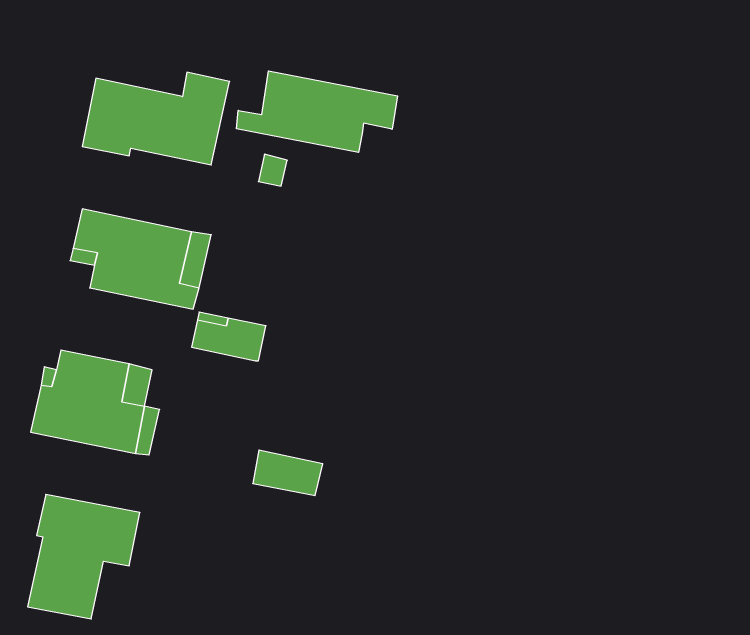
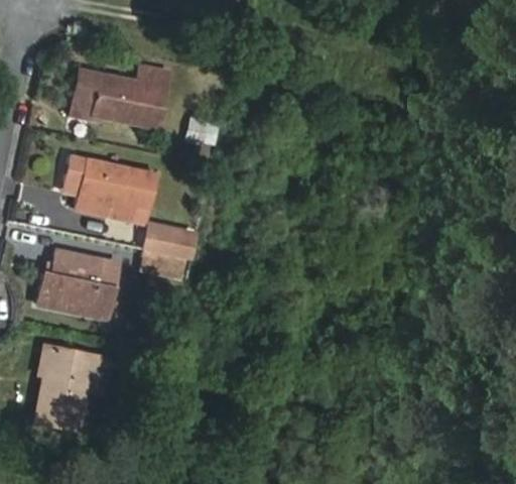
building: [237,71,398,152] -> none
building: [253,450,323,496] -> [140,247,186,277]

